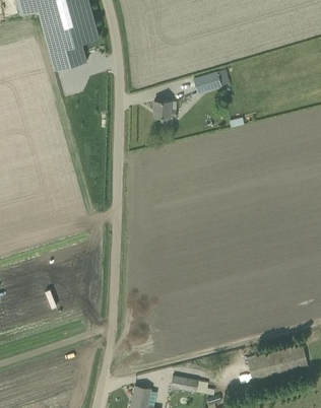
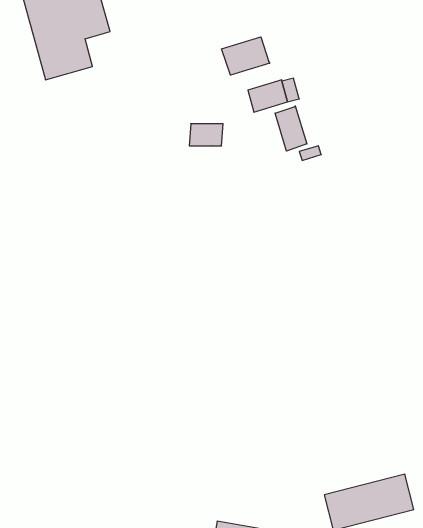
building: none -> [221,37,270,75]
building: none -> [275,106,307,151]

